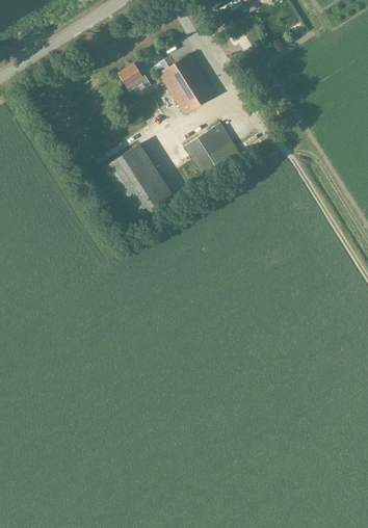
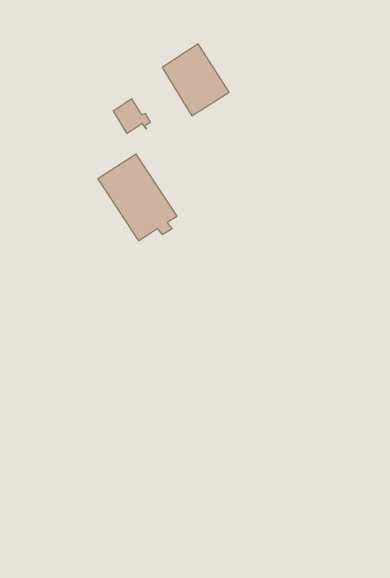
building: [119,62,150,91] -> [113,99,150,133]
building: [185,123,243,182] -> none

